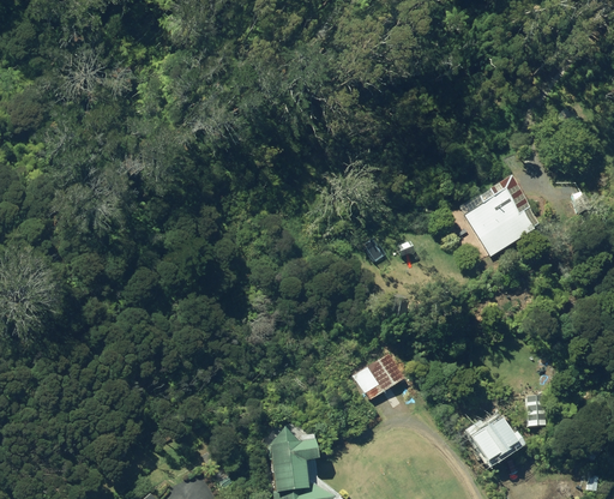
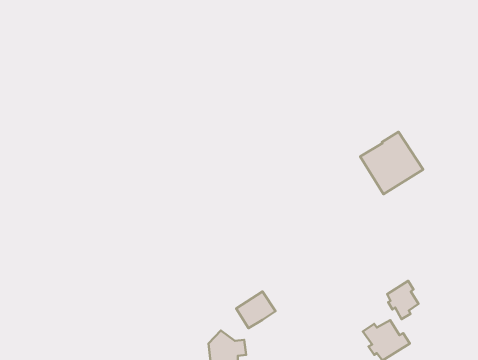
building: [356,351,407,398] -> [236,292,276,328]
building: none -> [387,281,418,319]

